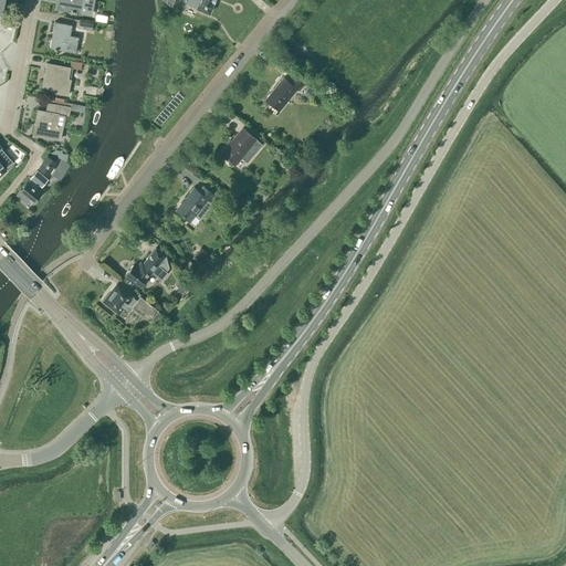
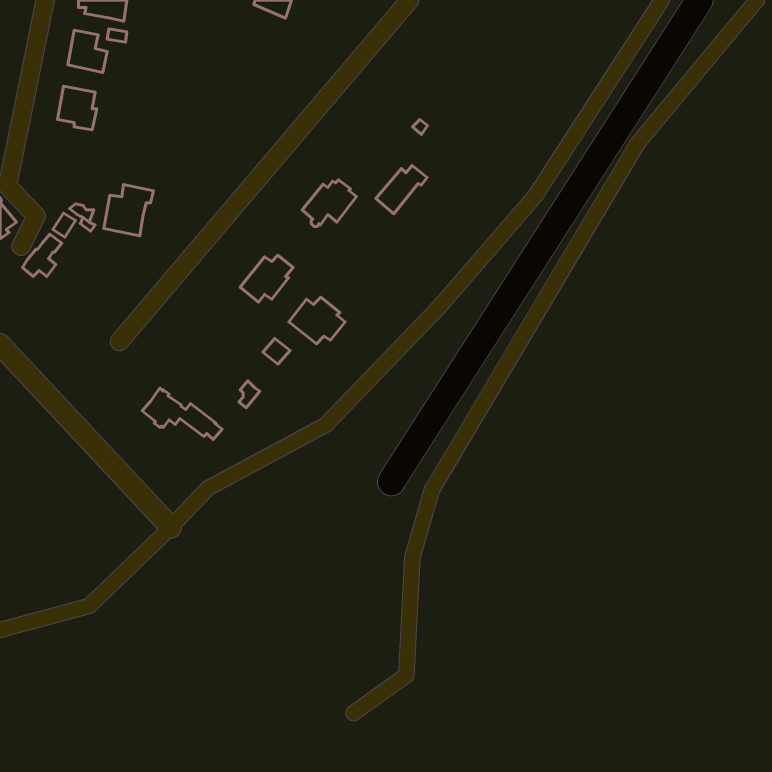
building: [265,75,303,111] -> [376,165,427,214]
building: [33,103,70,140] -> [104,185,154,236]
building: none -> [289,297,345,344]
building: [125,248,168,286] -> none

